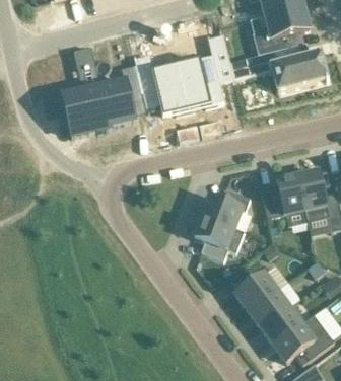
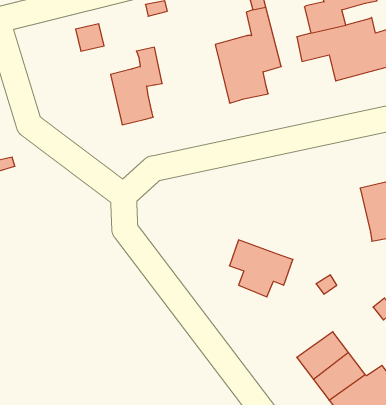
building: [135,54,195,117] -> none
building: [58,86,111,136] -> none
building: [263,175,308,224] -> none
building: [202,188,251,228] -> none
building: [235,270,276,308] -> none

